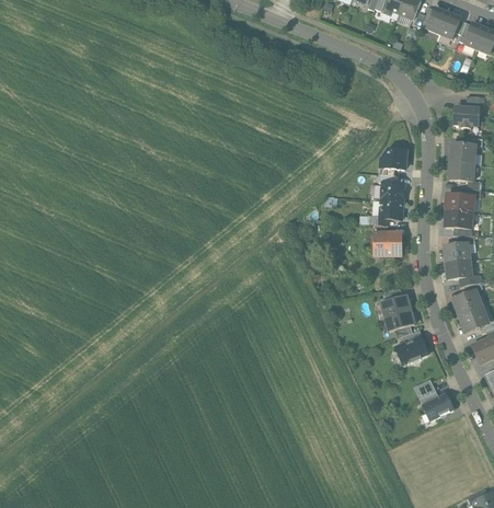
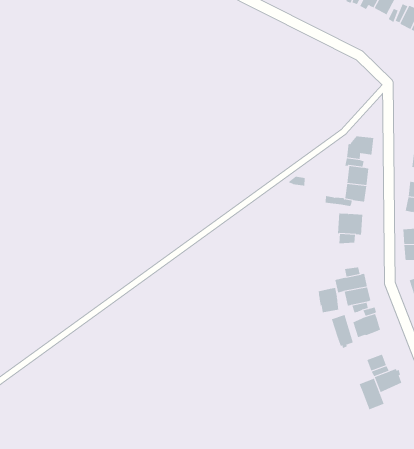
building: none -> [318,287,339,313]
building: none -> [331,314,353,349]
building: none -> [359,378,384,410]

